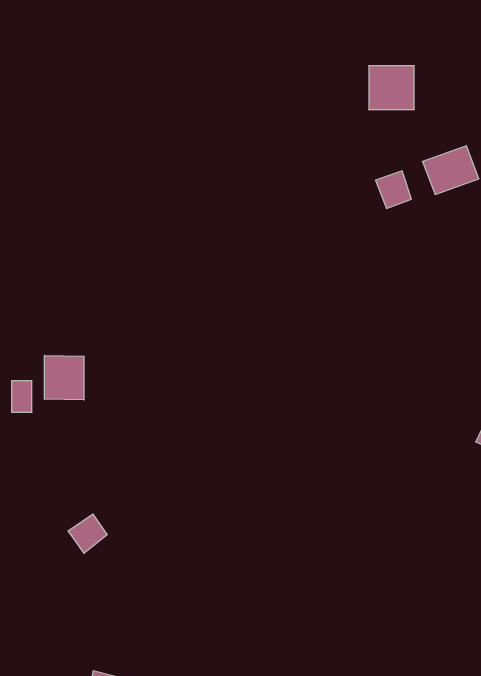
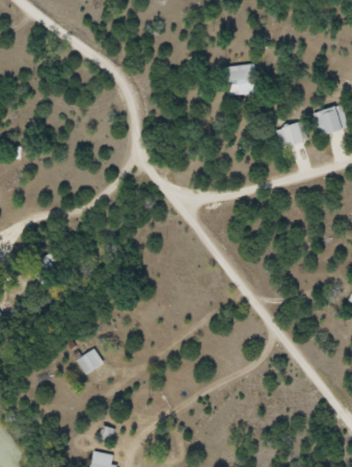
building: [369,66,414,110] -> [225,65,255,94]
building: [45,355,84,400] -> none

